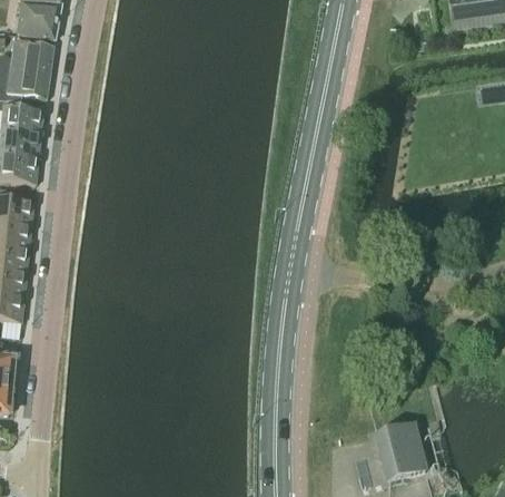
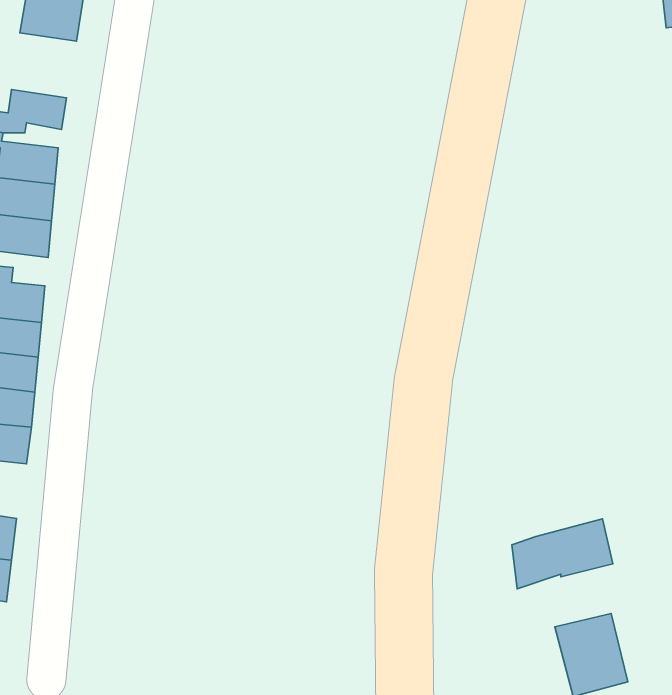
building: [11,38,52,76] -> none
building: none -> [512,519,613,589]

